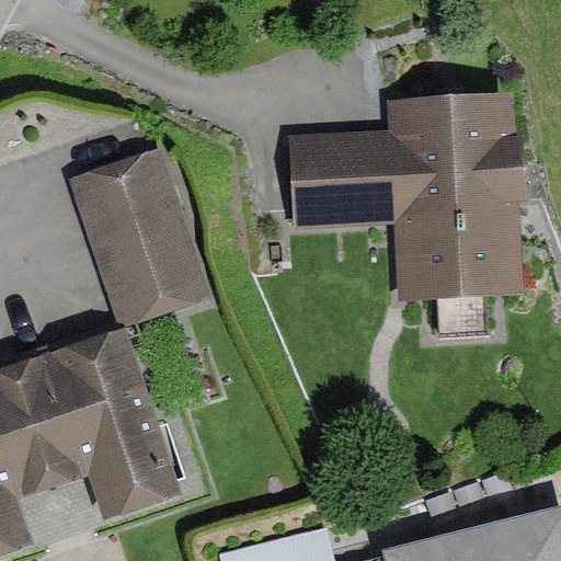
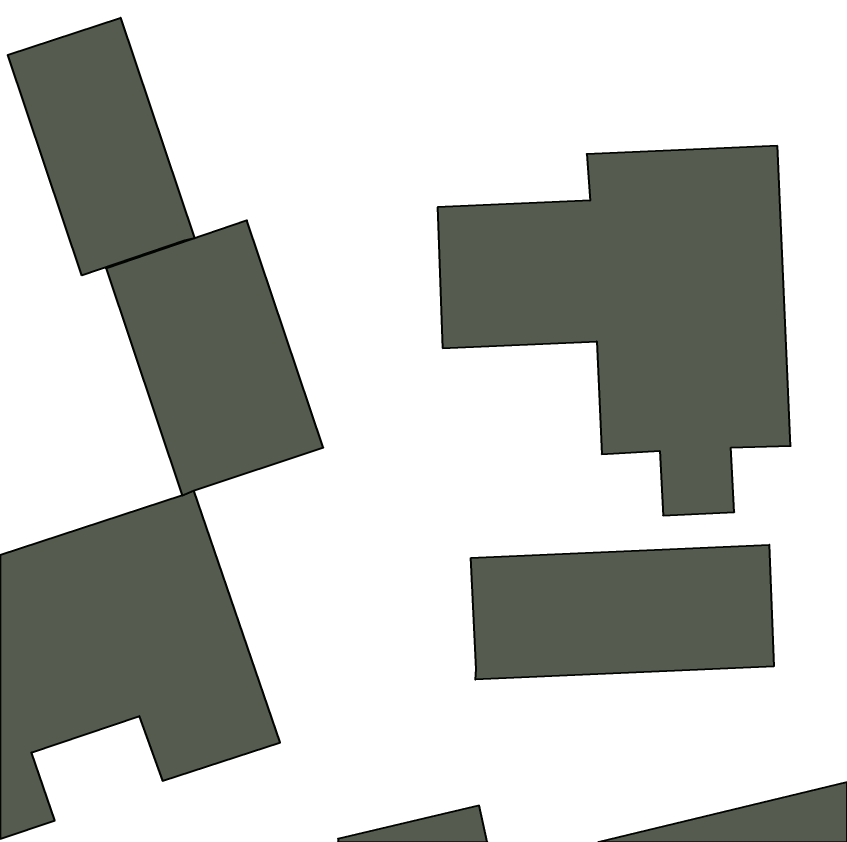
building: none -> [8,18,195,275]
building: none -> [471,545,774,680]

